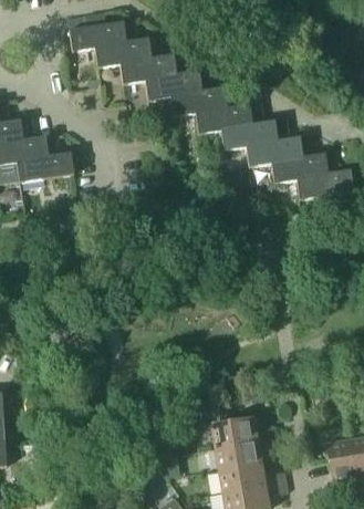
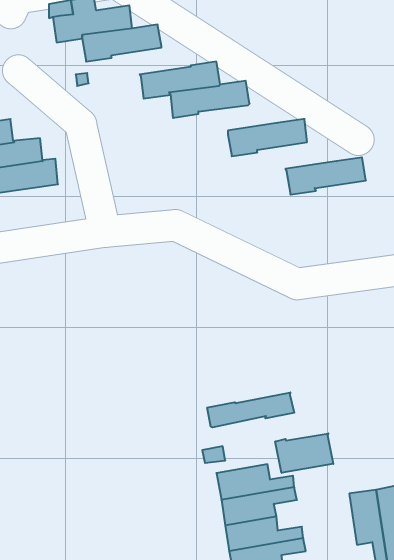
building: [118,52,187,85] -> none
building: [194,103,262,134] -> none
building: [245,135,313,167] -> none
building: [294,170,352,200] -> none
building: none -> [207,392,294,427]
building: none -> [275,433,333,473]

